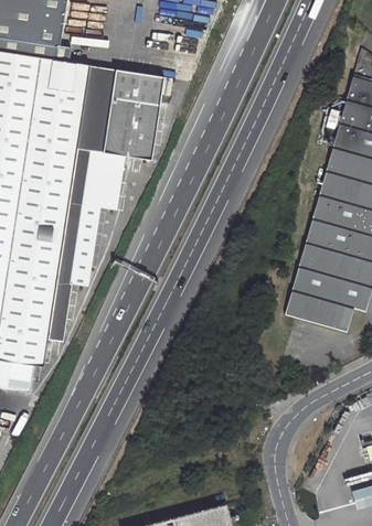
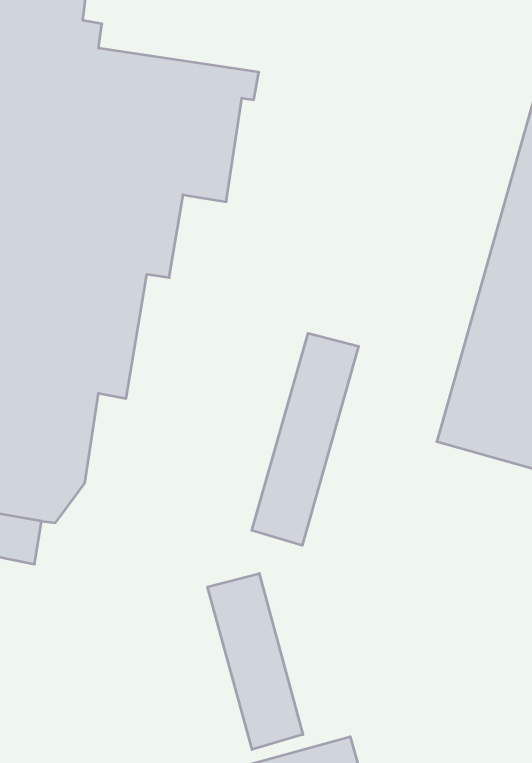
building: none -> [252,333,359,545]
building: none -> [208,573,303,750]

